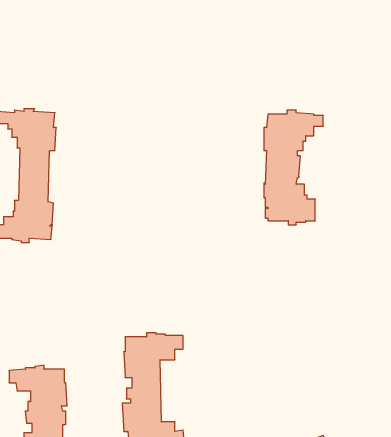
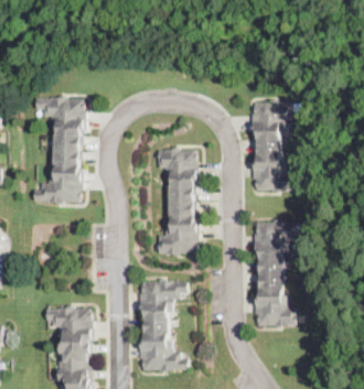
building: none -> [156,147,197,256]
building: none -> [254,220,297,329]

